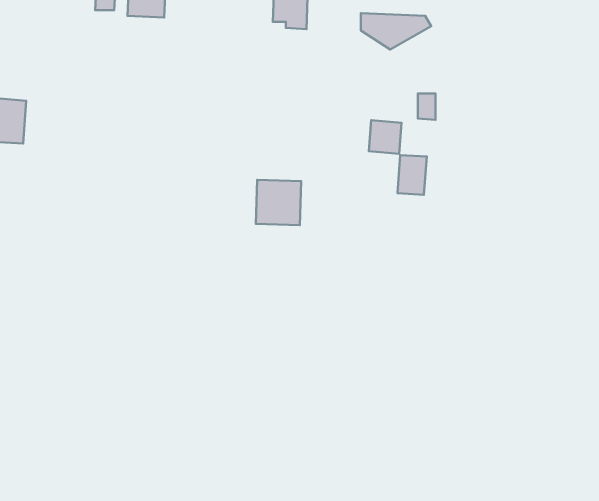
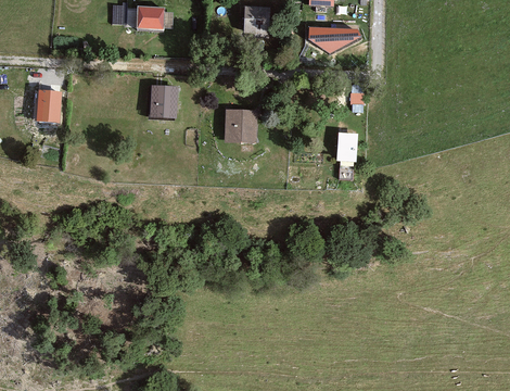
building: none -> [150,85,177,117]
building: [369,120,401,154] -> none
building: [256,180,301,225] -> [224,109,257,142]

